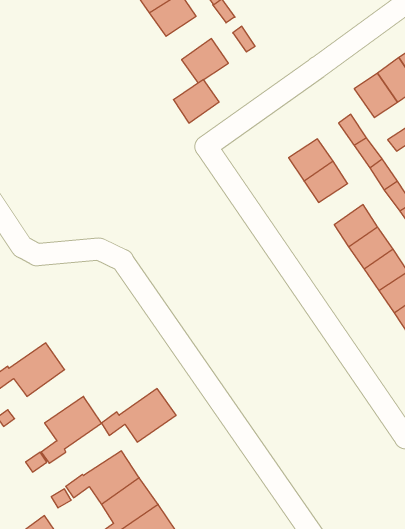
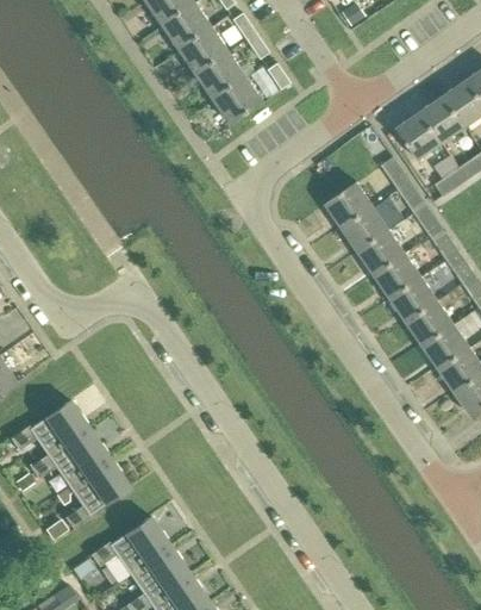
building: [173,80,219,123] -> [196,52,245,99]
building: none -> [360,231,407,275]
building: [101,389,176,442] -> [29,430,108,487]

